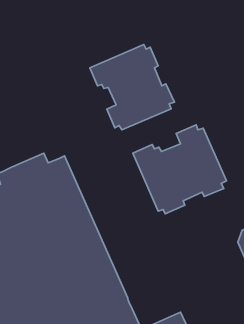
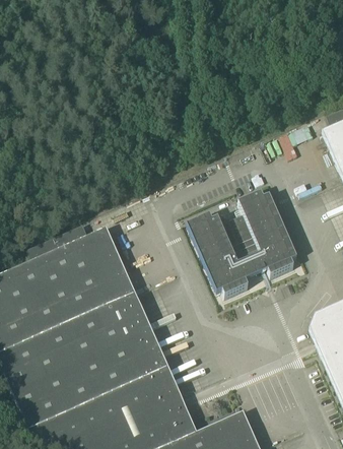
building: [90,45,174,130] -> none

